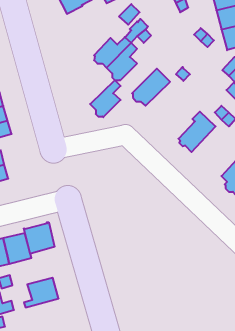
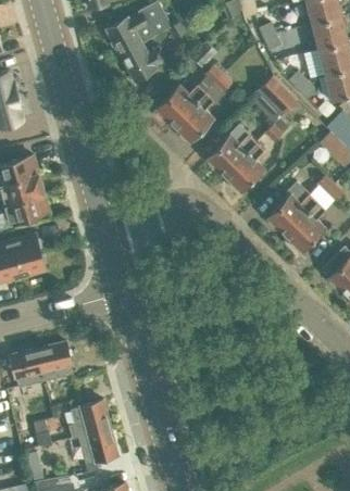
building: none -> [122,43,166,79]
building: none -> [251,76,297,122]
building: [90,80,121,117] -> [225,143,265,192]
building: none -> [286,202,326,252]
building: [24,222,55,254] -> none
building: none -> [67,428,118,466]

